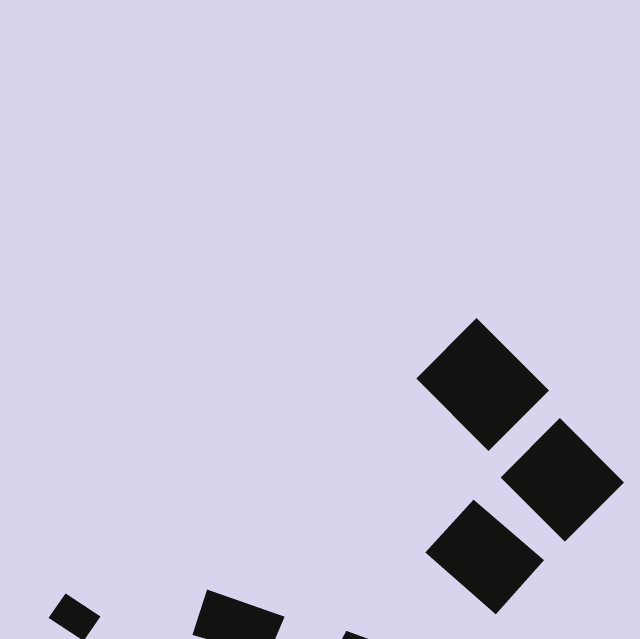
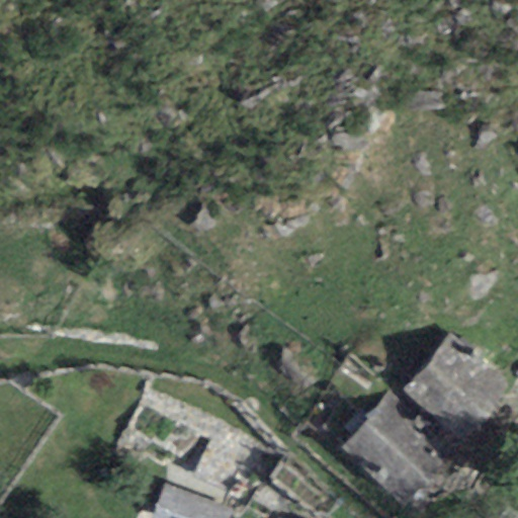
building: [415,317,550,452] -> none

